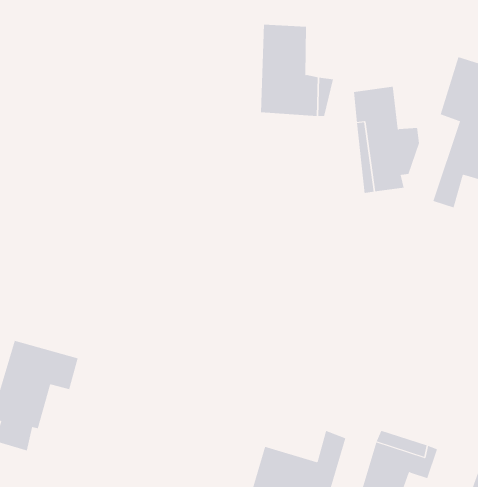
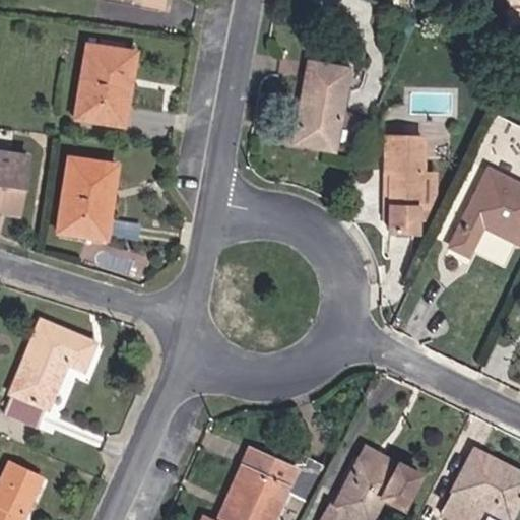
building: none -> [72,44,135,117]
building: none -> [55,154,116,234]

